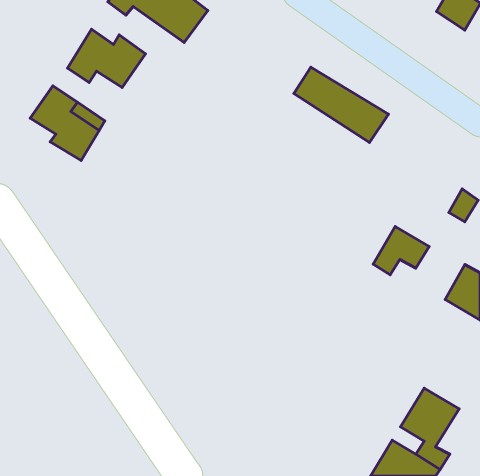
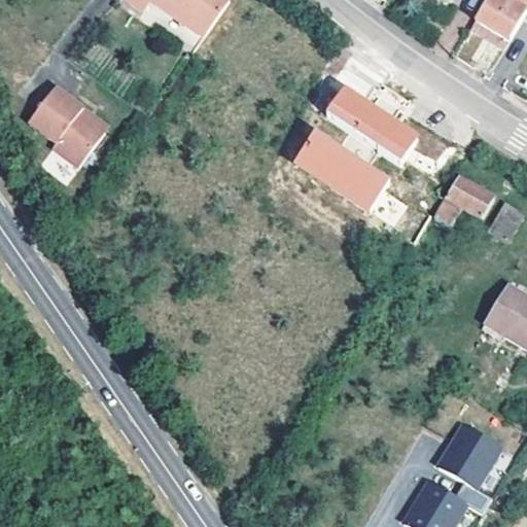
building: [67,29,146,88] -> none
building: none -> [285,118,390,209]
building: [373,227,429,275] -> [433,180,494,233]

